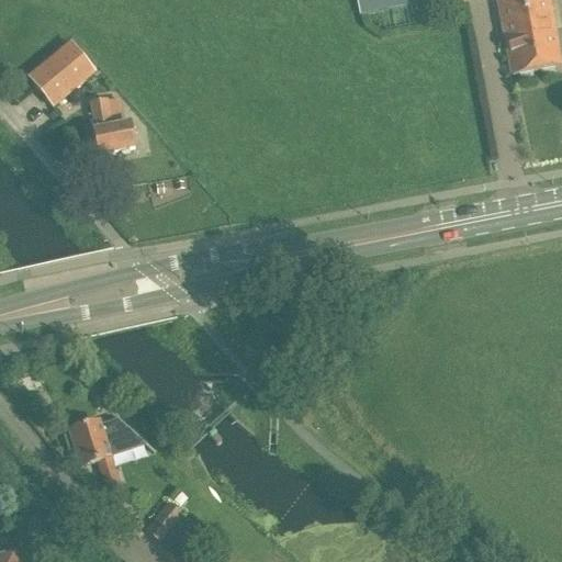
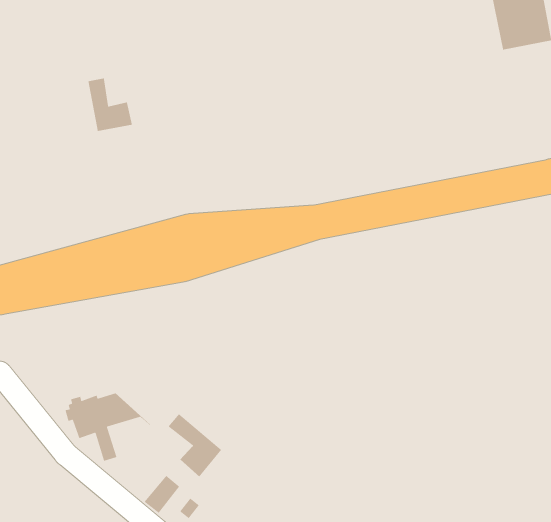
building: [29,40,94,104] -> none
building: none -> [168,413,222,477]

